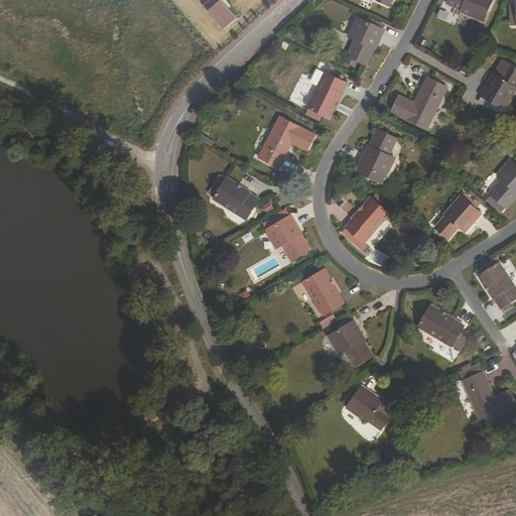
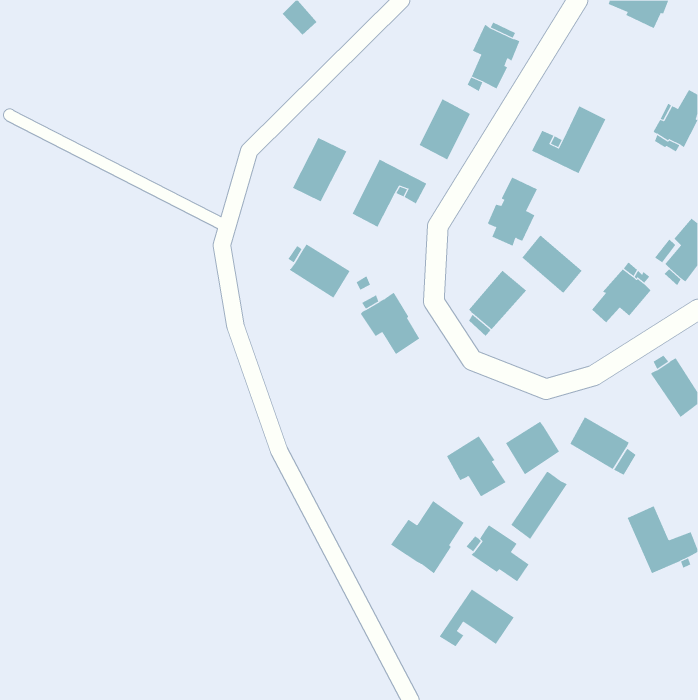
building: none -> [292,137,347,202]
building: none -> [521,234,582,294]
building: [303,271,344,315] -> none
building: none -> [505,421,560,475]
building: none -> [510,471,568,540]
building: none -> [390,500,465,574]
building: none -> [439,589,514,647]

